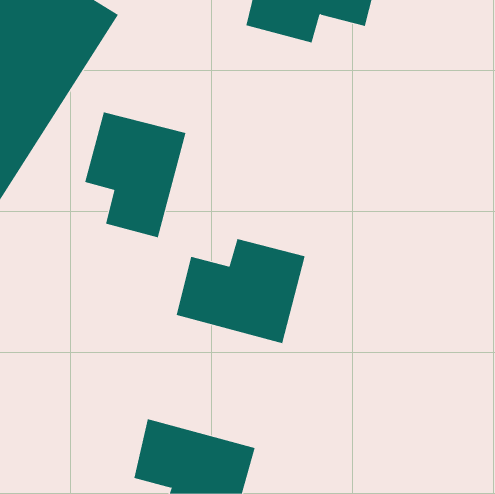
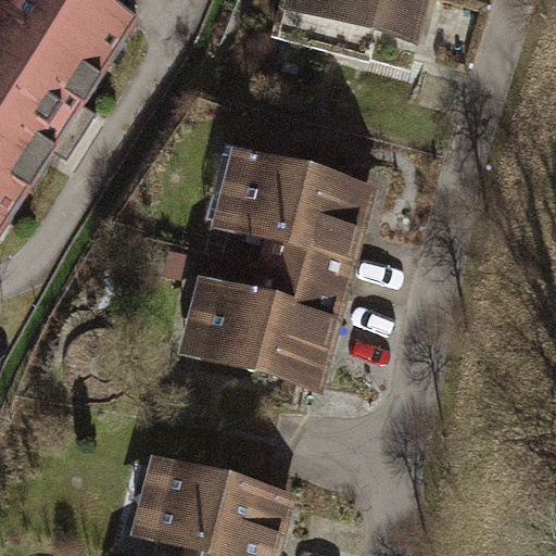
building: [84,112,186,238] -> none
building: none -> [227,155,364,283]

